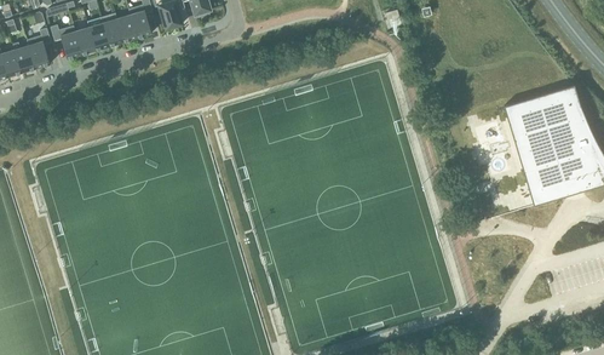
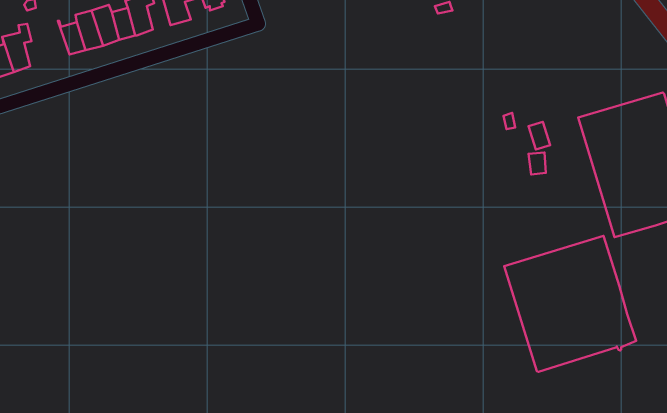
building: [51,24,82,58] -> none
building: none -> [504,236,636,372]

